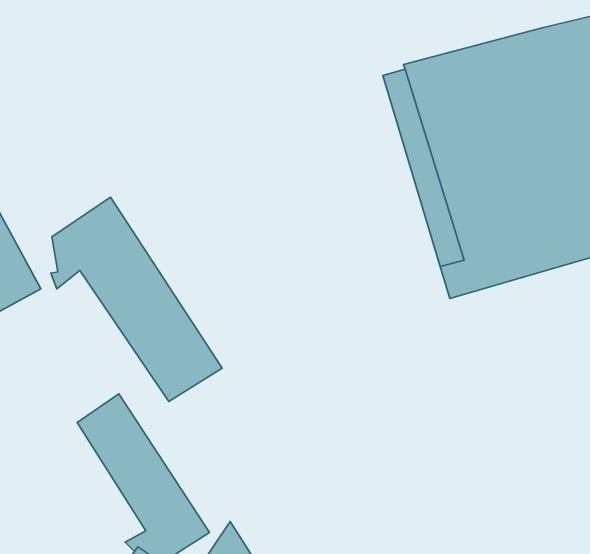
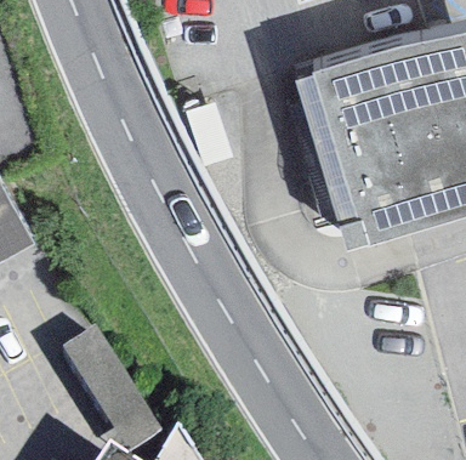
building: [51,197,222,401] -> none

